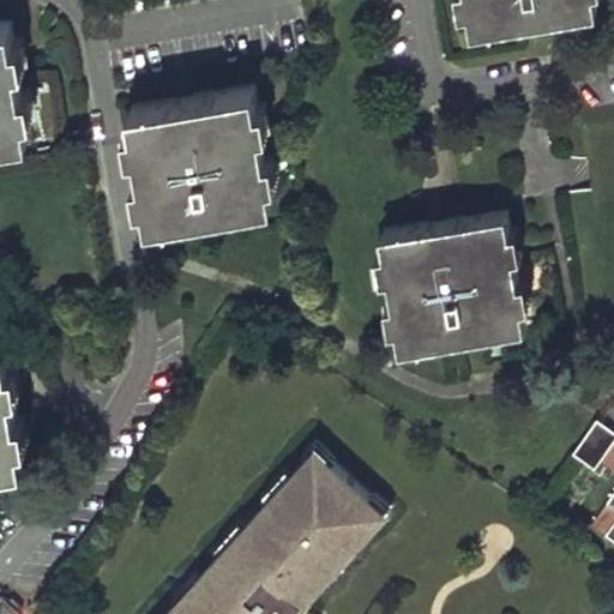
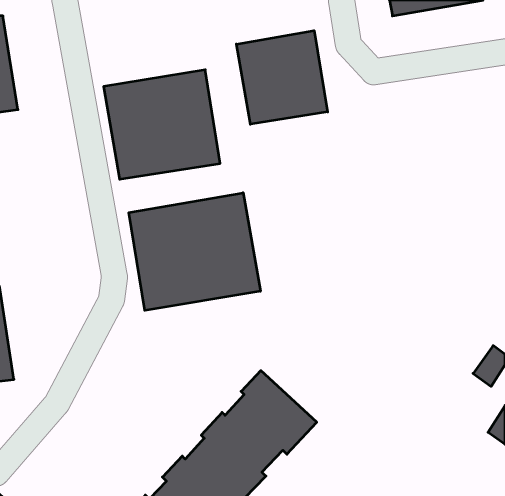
building: none -> [236,31,328,124]
building: [378,223,520,356] -> none
building: none -> [129,193,260,310]

